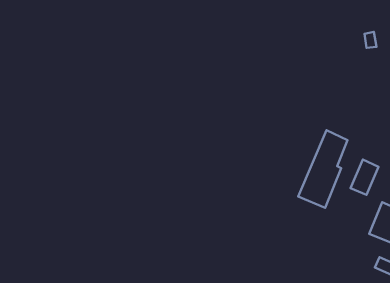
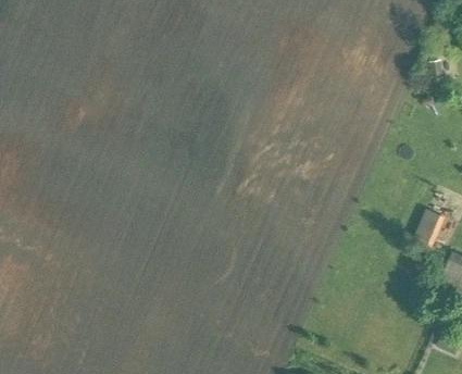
building: [298,130,347,208] -> none

